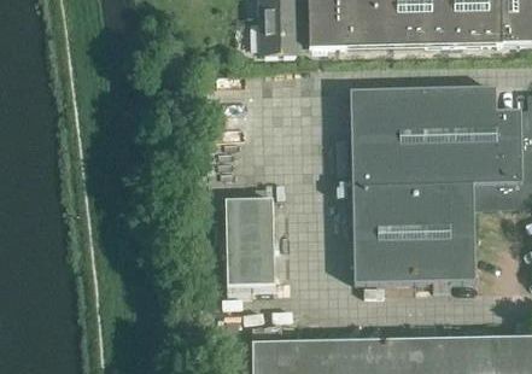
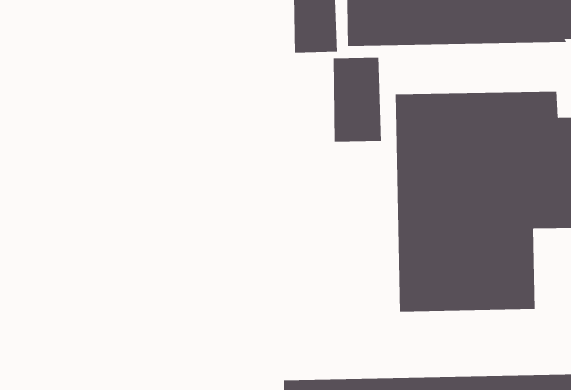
building: none -> [333,57,381,142]
building: [224,198,273,284] -> none

